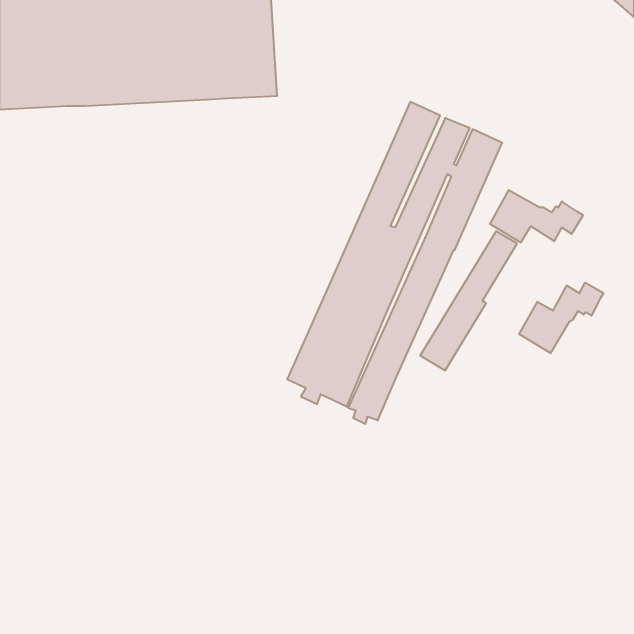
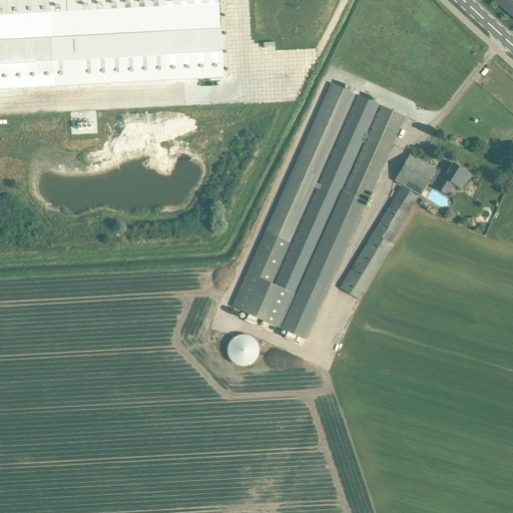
building: [519,283,603,353] -> none
building: none -> [226,334,259,366]

